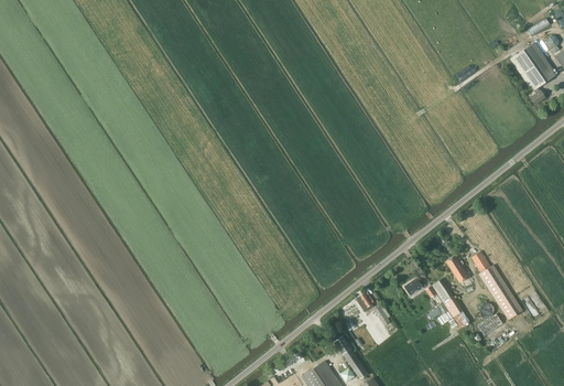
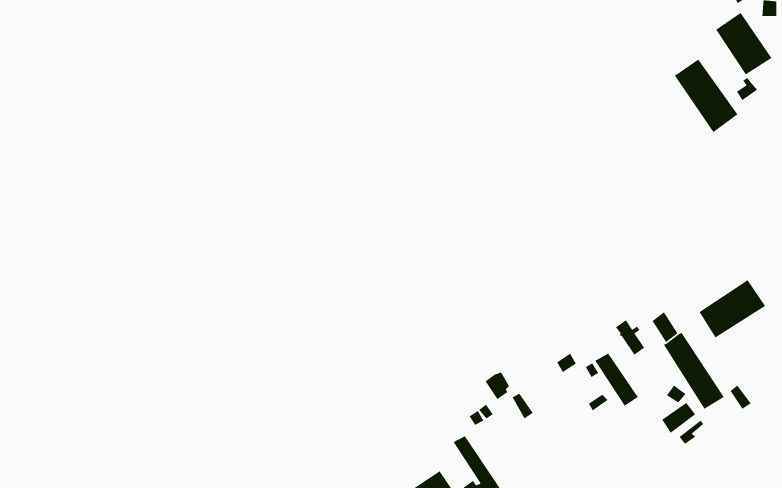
building: none -> [674,58,738,133]
building: none -> [698,279,766,339]

